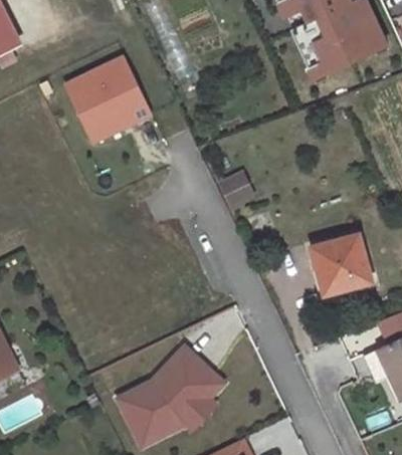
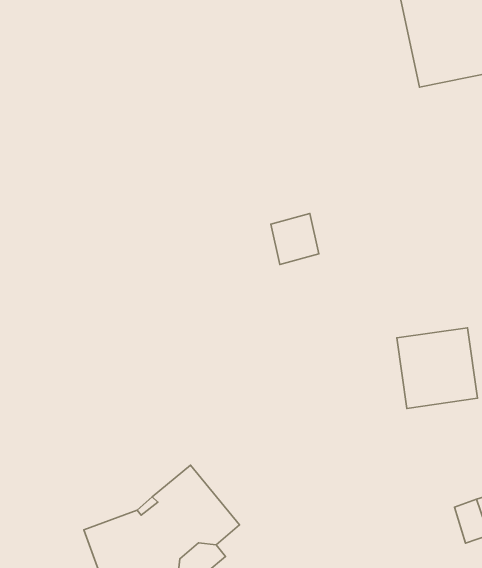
building: [71,57,157,141] -> none

